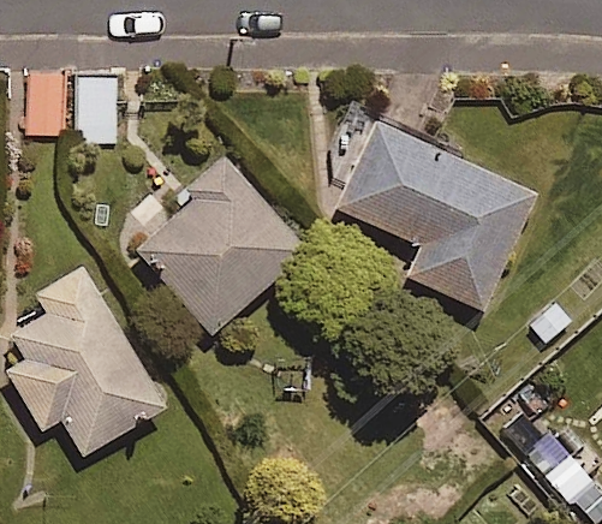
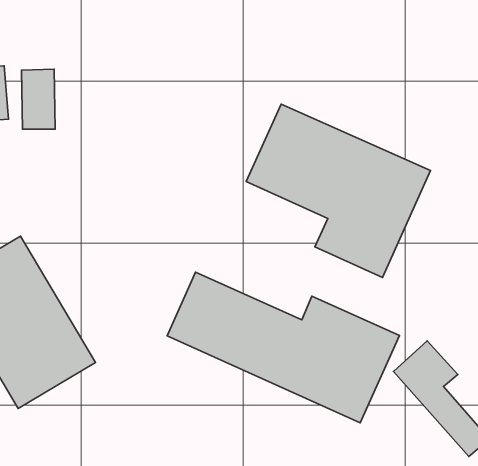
building: [138,156,305,335] -> none
building: none -> [167,272,400,423]

